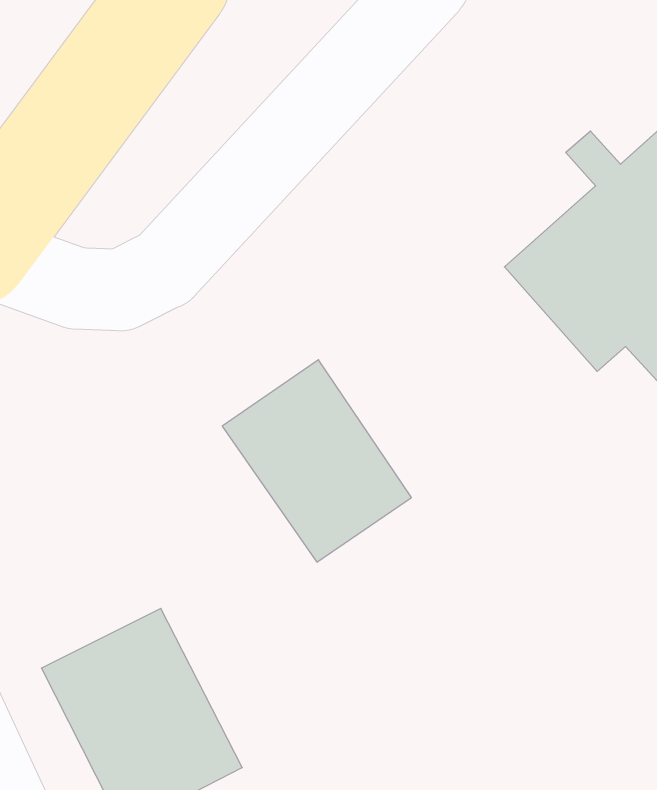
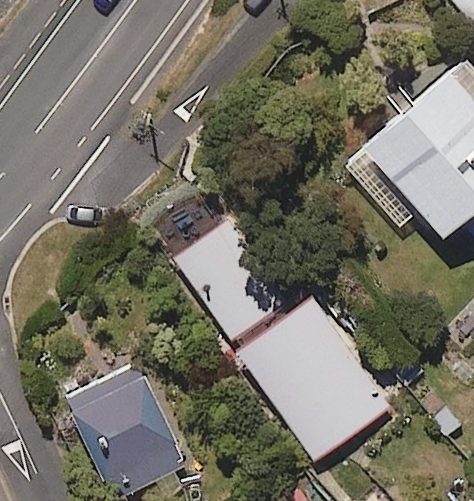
building: none -> [236,297,390,460]

